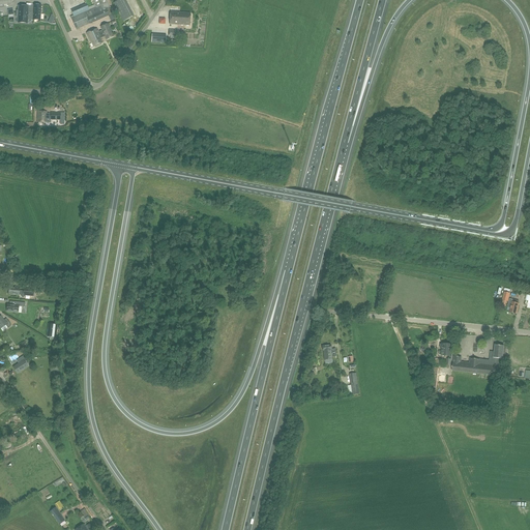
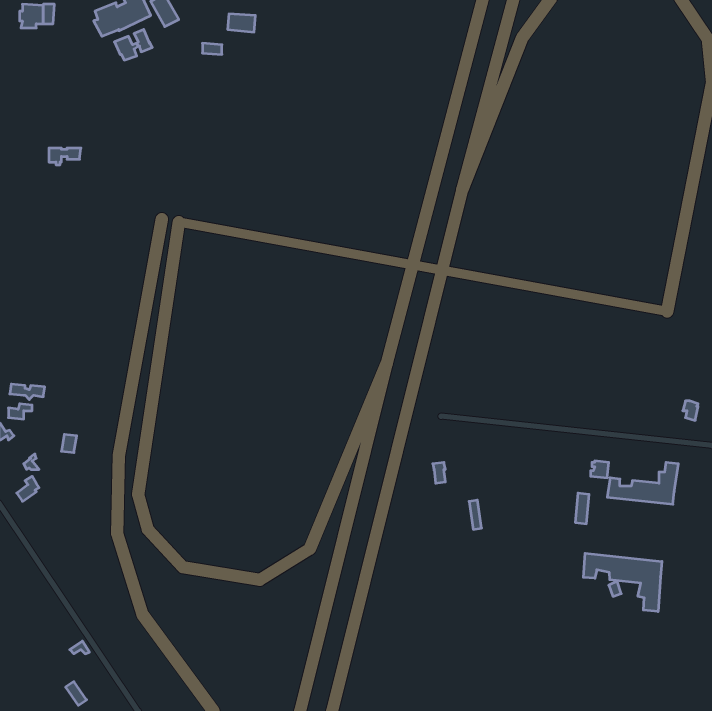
building: none -> [583,553,662,612]

